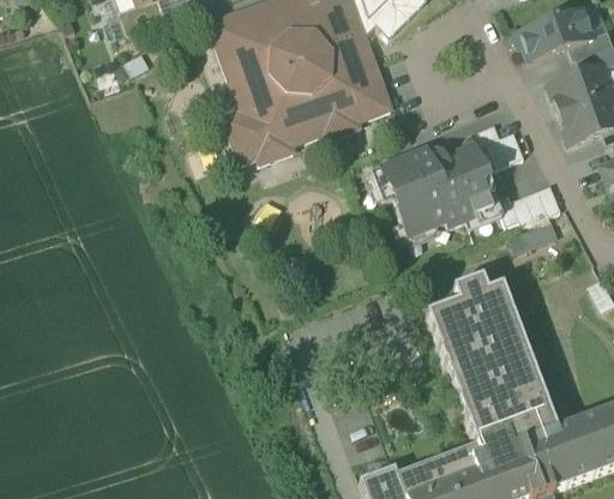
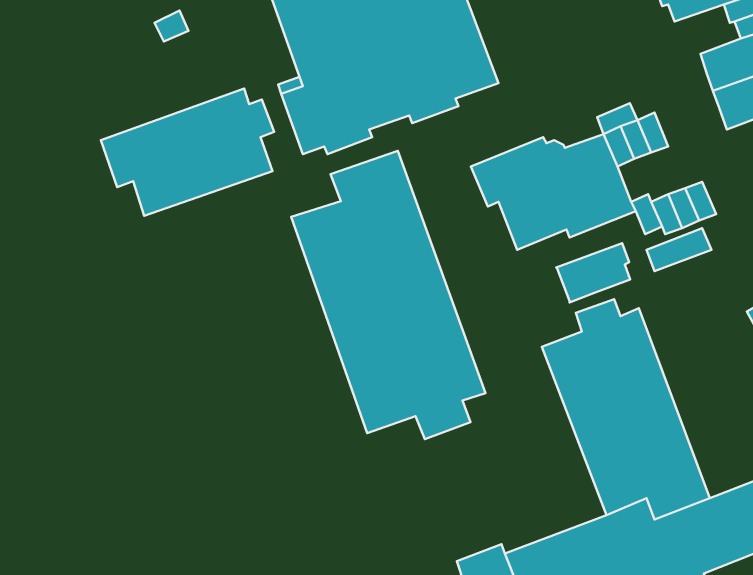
building: none -> [101,88,274,216]
building: none -> [291,151,485,439]
building: none -> [556,243,630,303]

